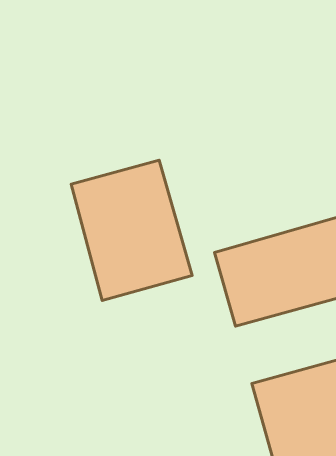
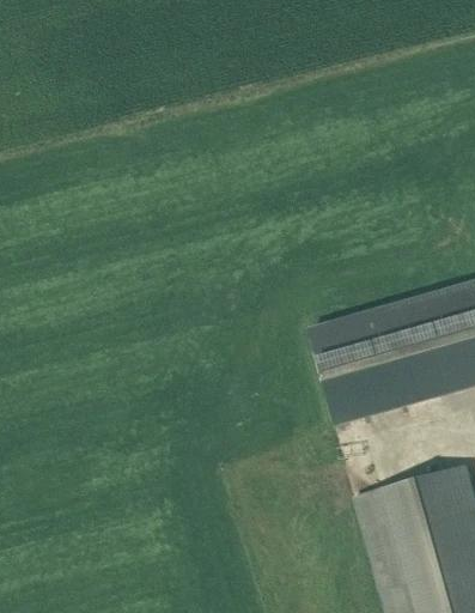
building: [71,160,192,301] -> none

